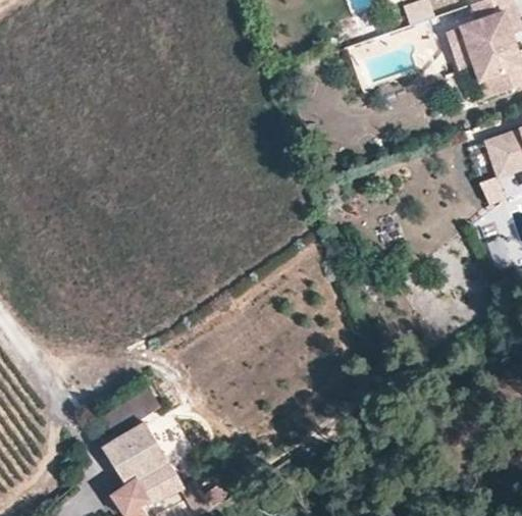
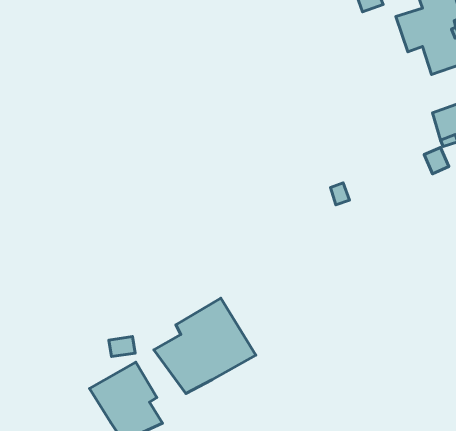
building: none -> [154,298,256,393]

